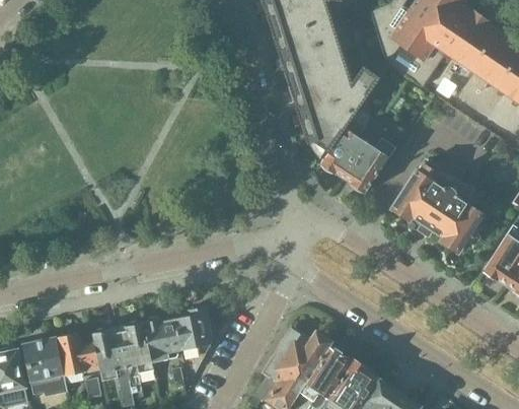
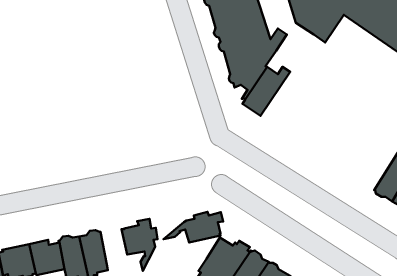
building: [343,125,395,194] -> none
building: [390,163,485,255] -> none
building: none -> [164,212,223,243]
building: [144,318,177,364] -> none

